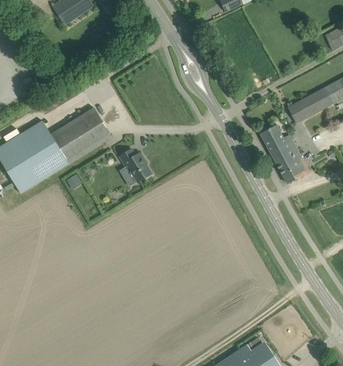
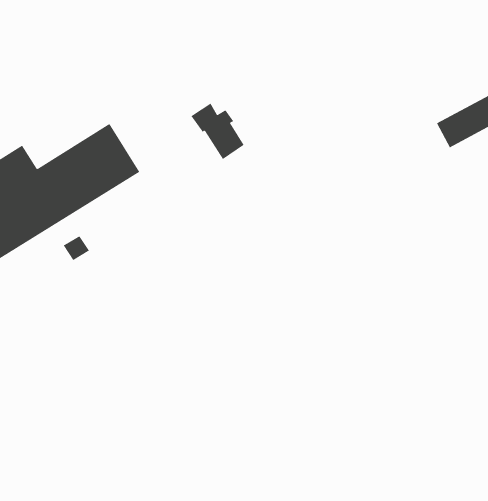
building: [260,125,309,183] -> none
building: [119,148,151,182] -> [191,103,244,160]

